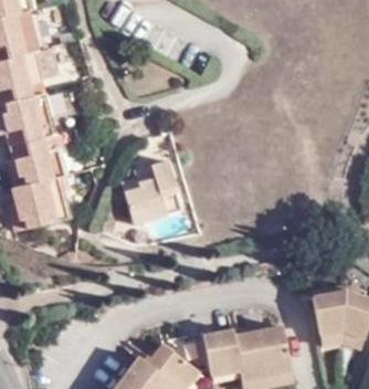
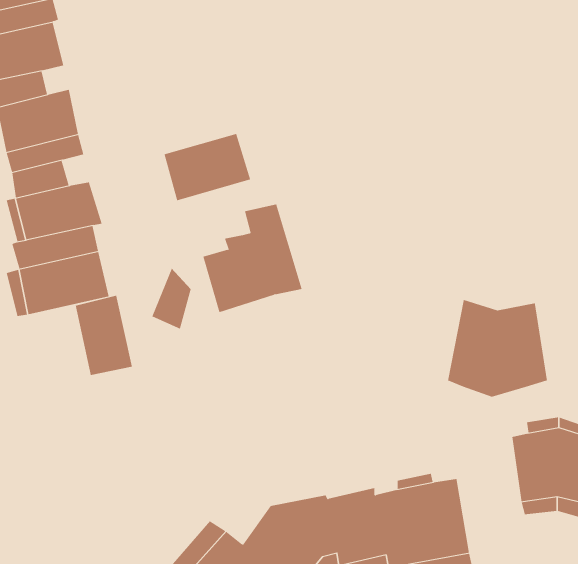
building: none -> [164,133,251,201]
building: none -> [75,295,133,376]
building: none -> [448,299,548,398]

